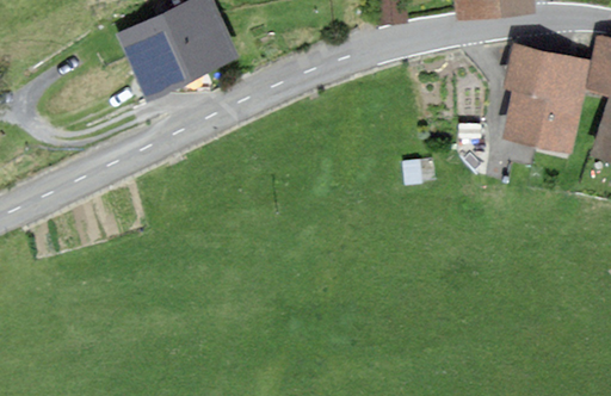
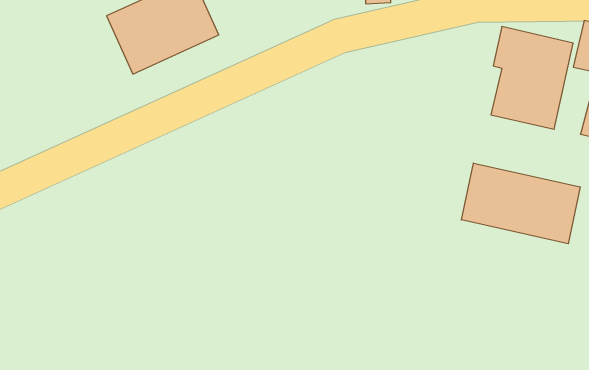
building: none -> [461,163,580,244]

